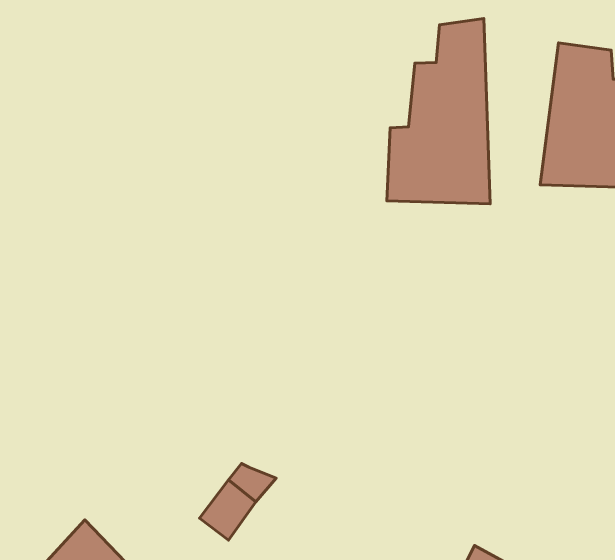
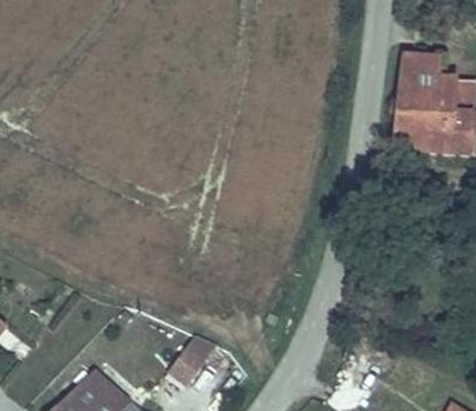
building: [387,19,490,204] -> none

